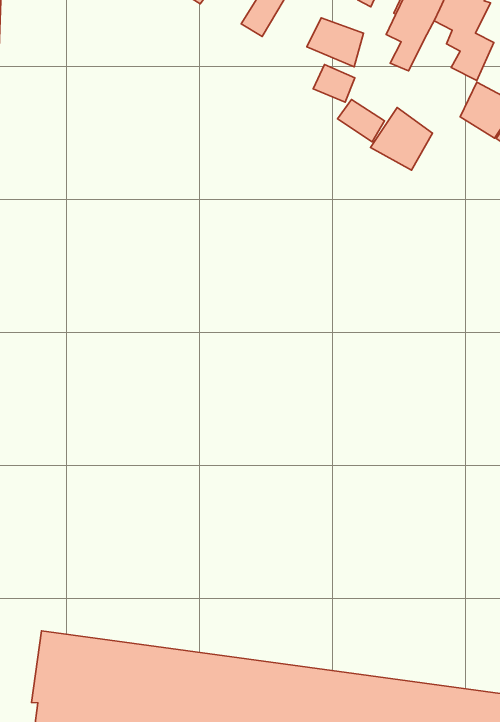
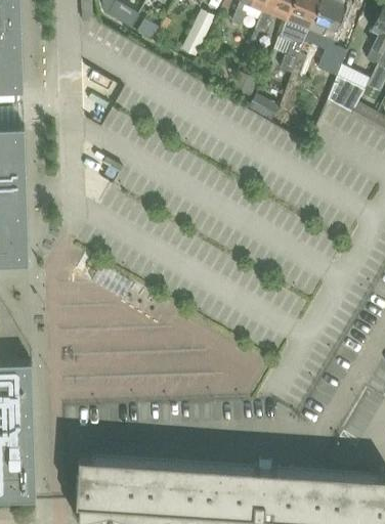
building: [307,18,363,67] -> none
building: [370,107,433,170] -> none

